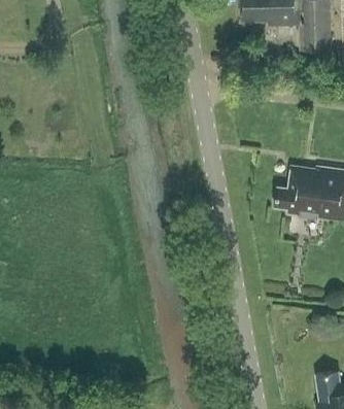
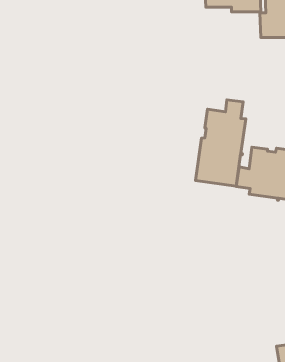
building: none -> [196,100,246,186]

